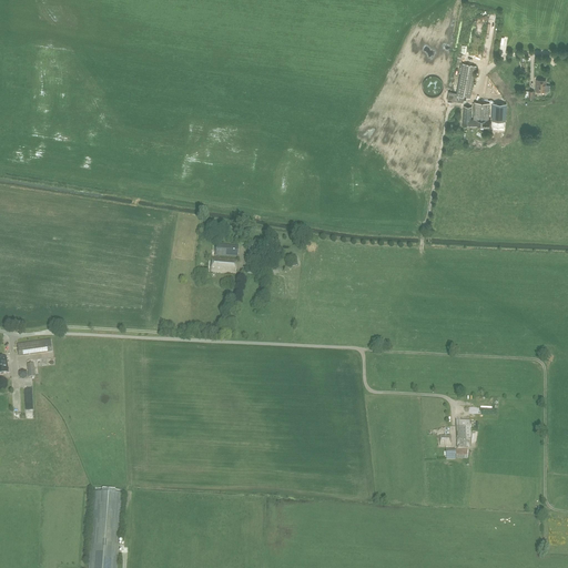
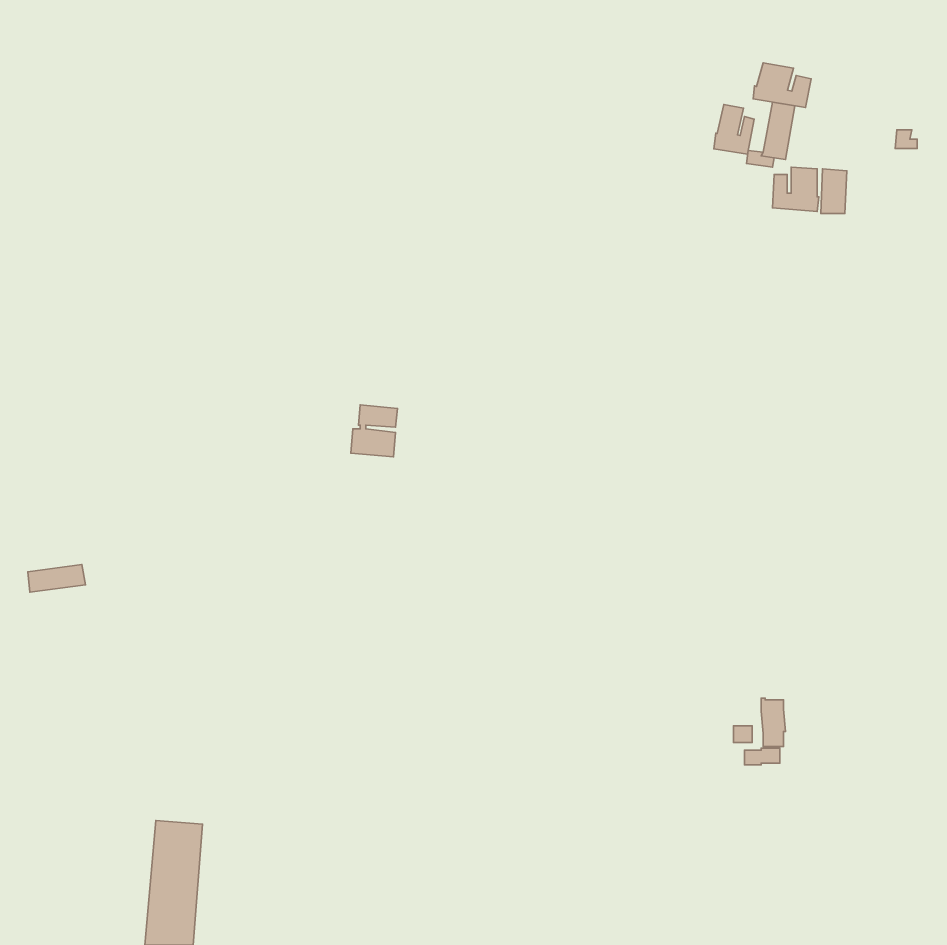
building: none -> [753,63,811,108]
building: none -> [714,105,754,154]

